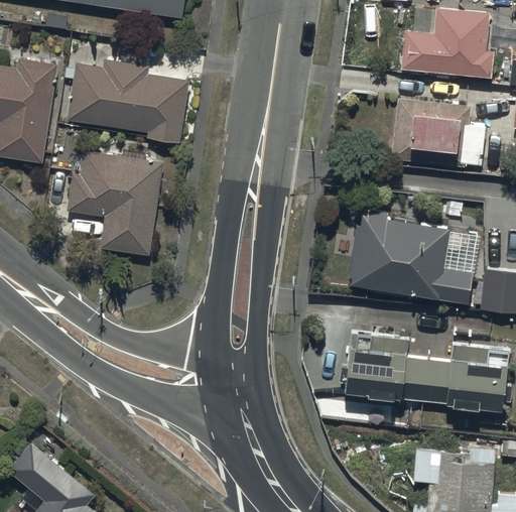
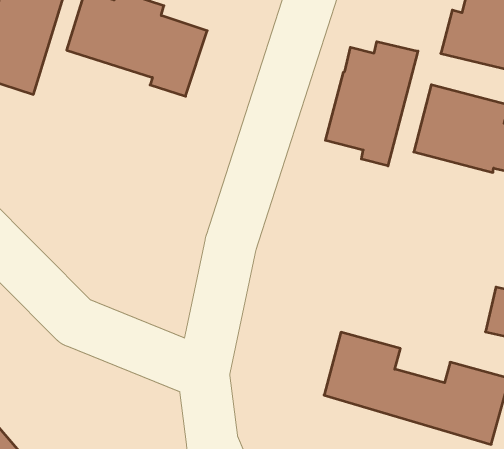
building: none -> [325,42,418,166]
building: [66,151,164,257] -> none
building: [349,209,473,302] -> none

